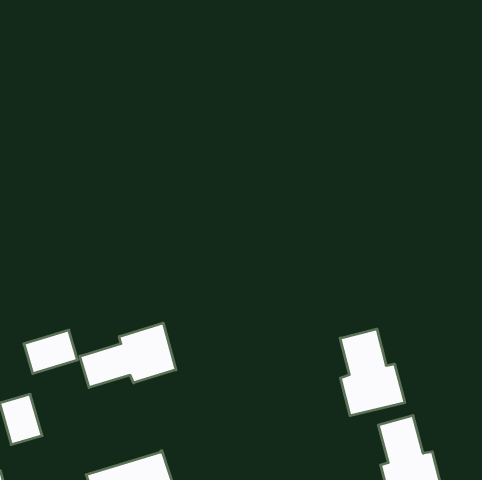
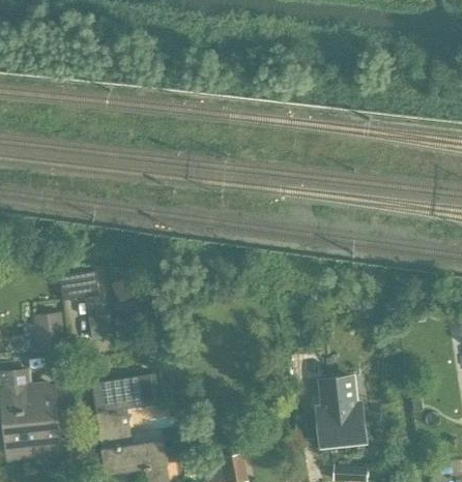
building: [80,323,176,388] -> none
building: [340,329,405,416] -> none

